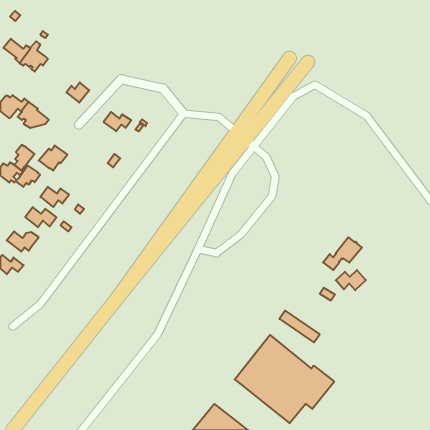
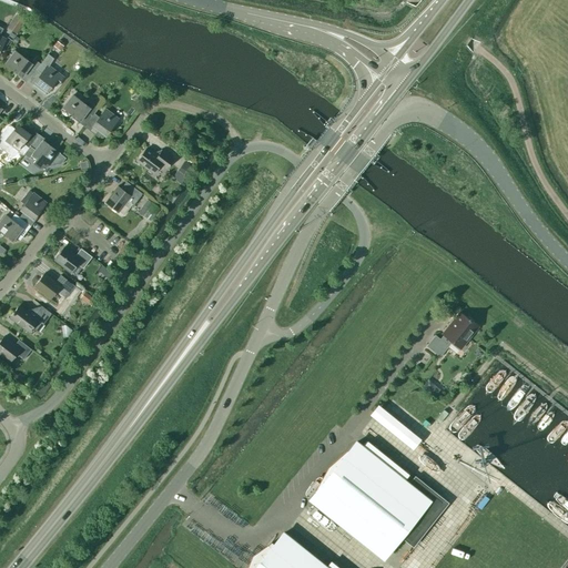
building: none -> [62,94,95,126]
building: [39,145,67,171] -> [104,182,142,215]
building: [16,165,40,187] -> none
building: [336,270,366,290] -> none

